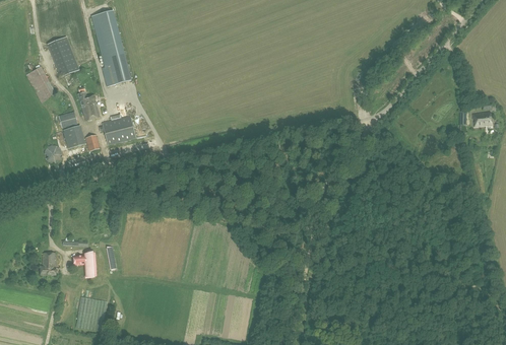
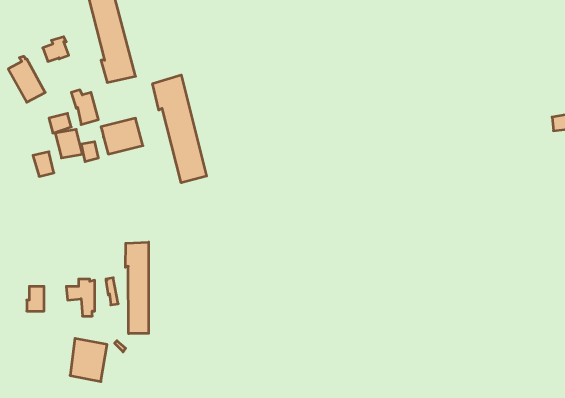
building: none -> [153,75,207,183]
building: none -> [125,242,149,334]

